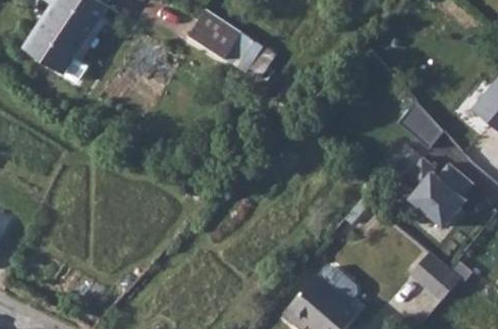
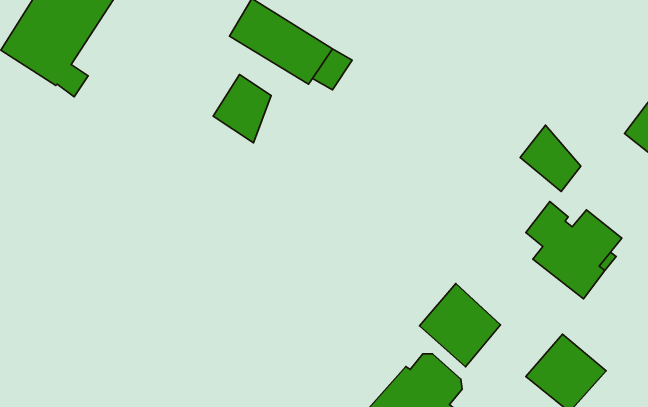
building: none -> [213,74,271,143]
building: none -> [419,284,500,367]

